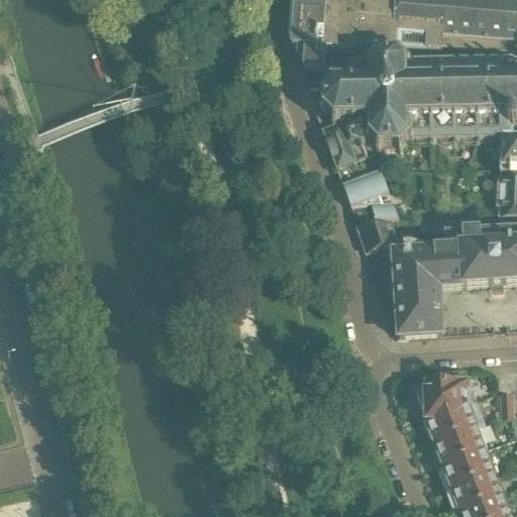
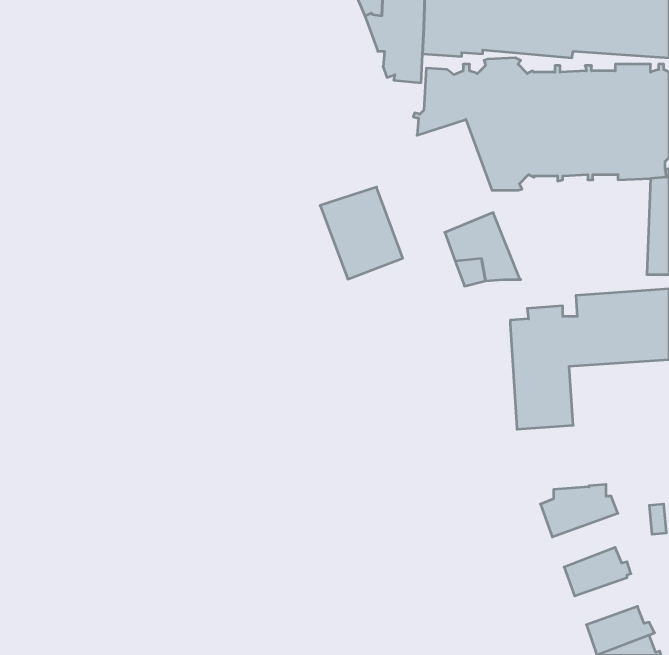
building: [315,92,379,163] -> [320,187,403,279]
building: [357,215,396,246] -> none
building: [425,395,484,436] -> none
building: [442,444,495,481] -> none

